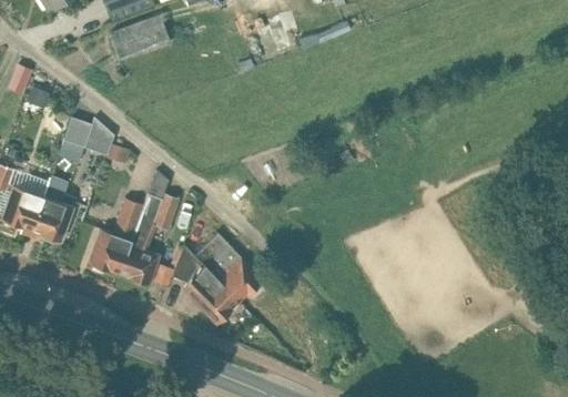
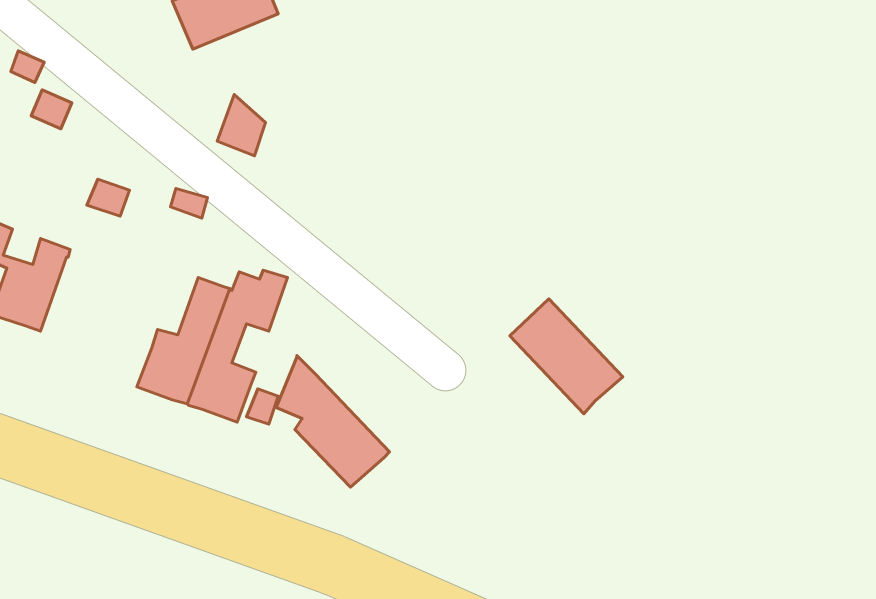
building: [84,119,113,155] -> [217,95,266,156]
building: [30,177,73,242] -> none
building: [194,234,262,303] -> [510,299,623,414]

